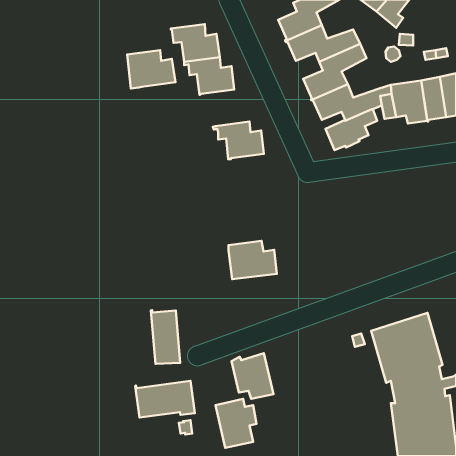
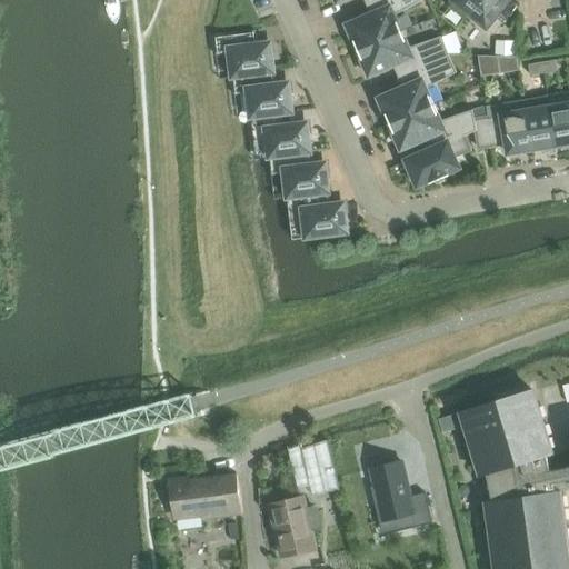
building: [127,50,175,88] -> [250,111,310,159]
building: [228,241,277,279] -> [287,191,347,239]
building: [151,310,180,364] -> none
building: none -> [369,461,431,527]

